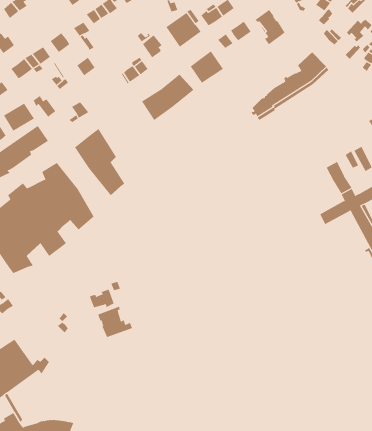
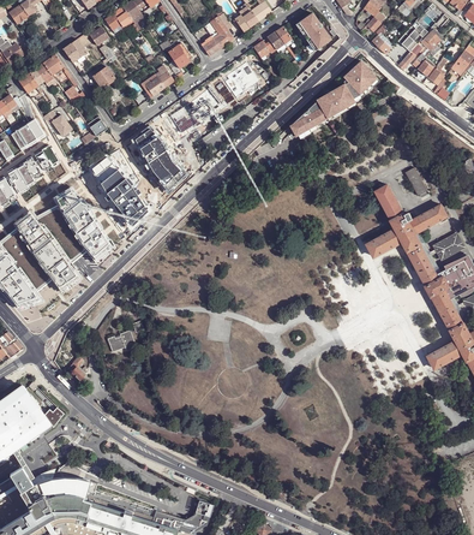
building: none -> [134,129,186,194]
building: [97,306,133,338] -> none

